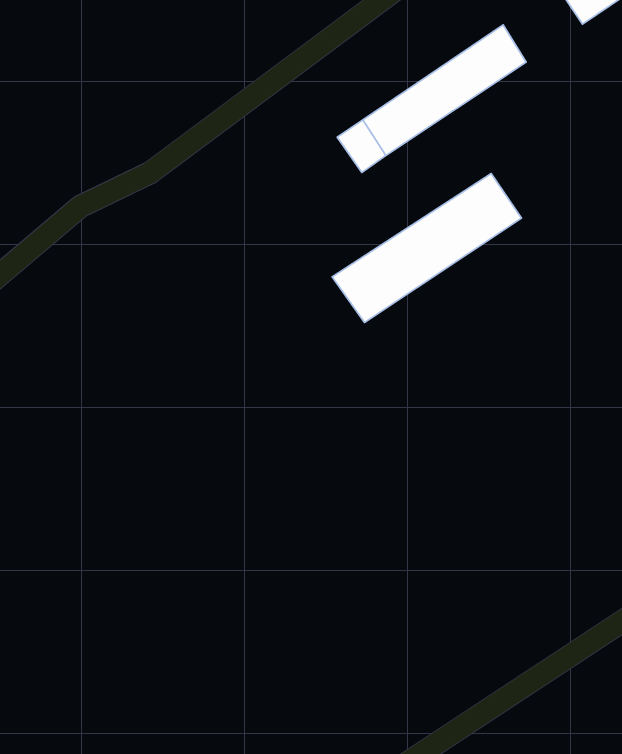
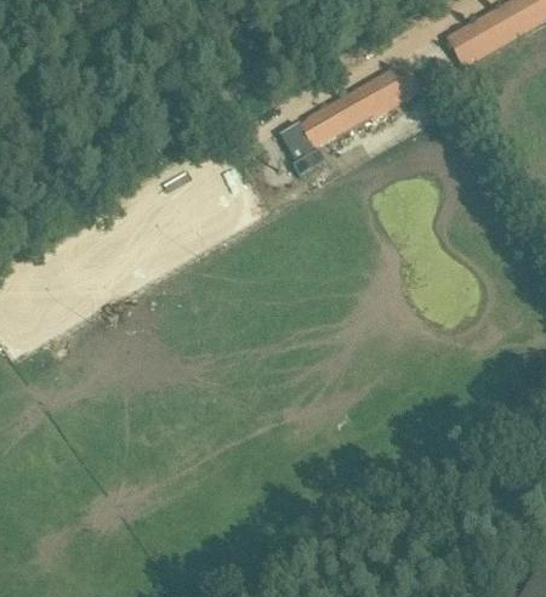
building: [332,174,522,322] -> none

